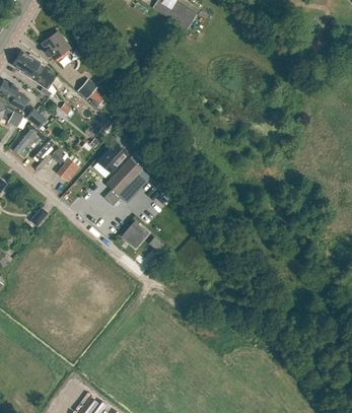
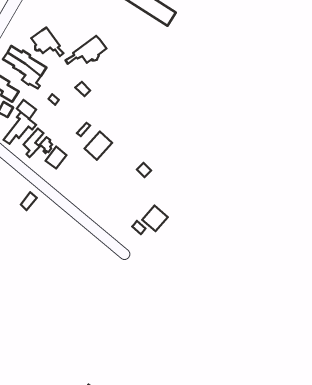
building: none -> [65,36,107,64]
building: [105,157,148,201] -> none
building: [121,221,148,249] -> [142,206,168,231]

